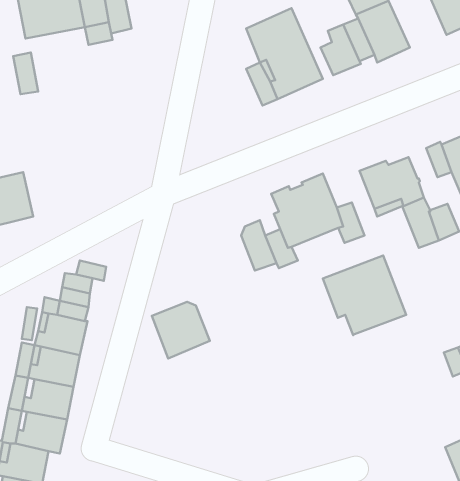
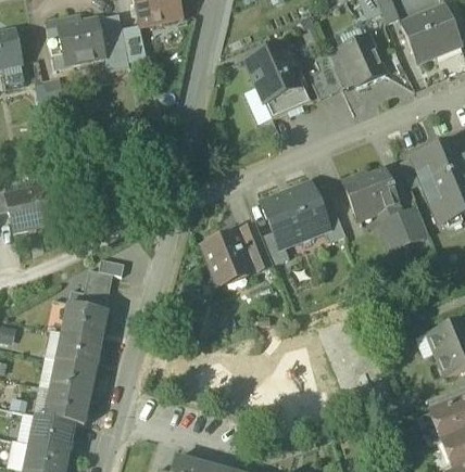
building: [323,255,406,335] -> none
building: [152,302,210,359] -> [202,232,252,281]

